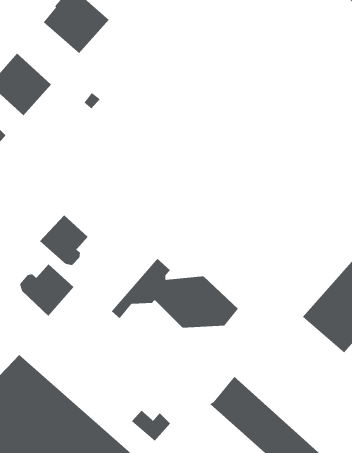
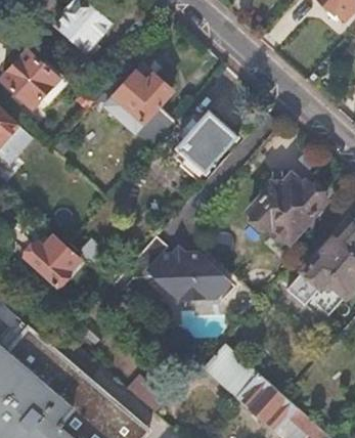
building: none -> [105,63,176,146]
building: none -> [179,112,238,172]
building: none -> [250,174,325,243]
building: [39,214,89,266] -> none

